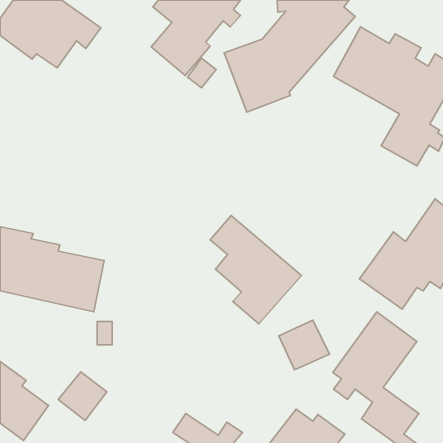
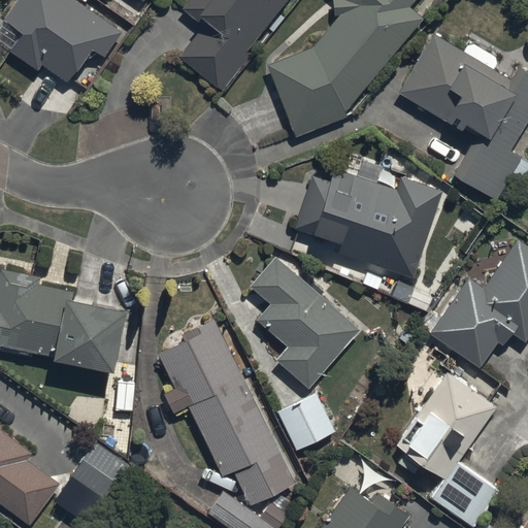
building: none -> [294,169,441,277]
building: none -> [158,320,295,504]
building: [279,320,329,370] -> [276,393,336,452]

